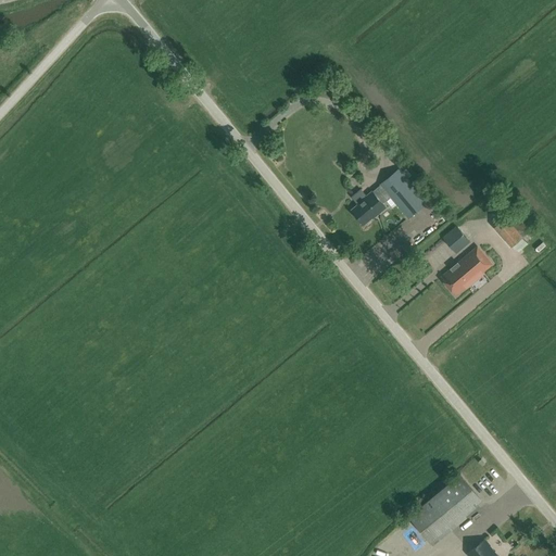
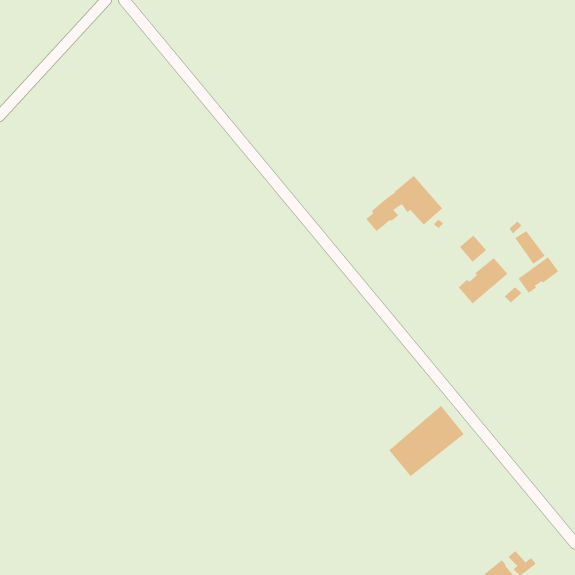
building: none -> [518,256,559,294]
building: [409,475,483,544] -> [388,405,465,477]

